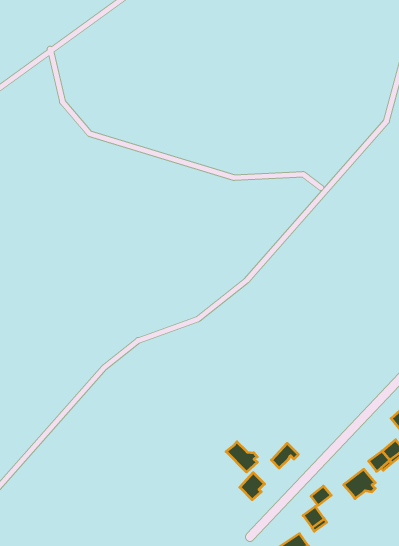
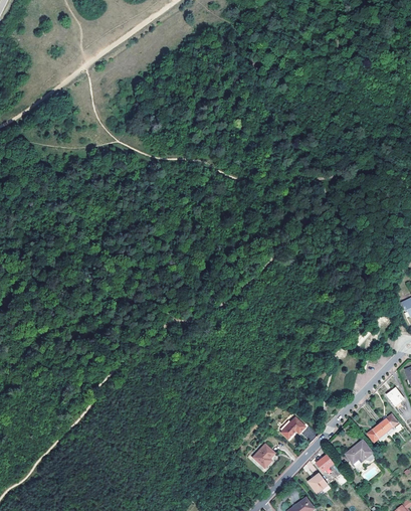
building: [226,442,257,472] -> none

